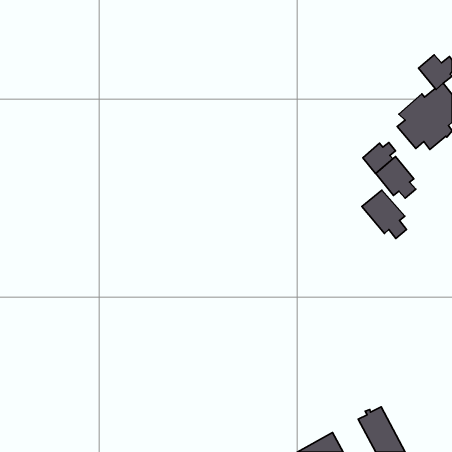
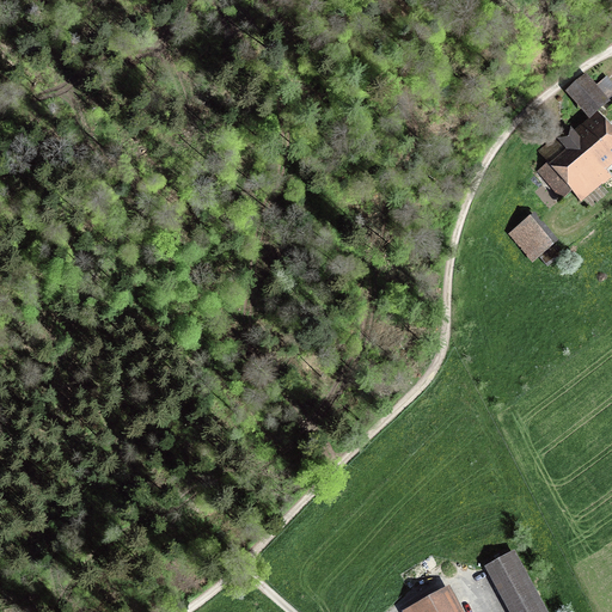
building: [363,143,396,173] -> none
building: [362,190,407,239] -> none

